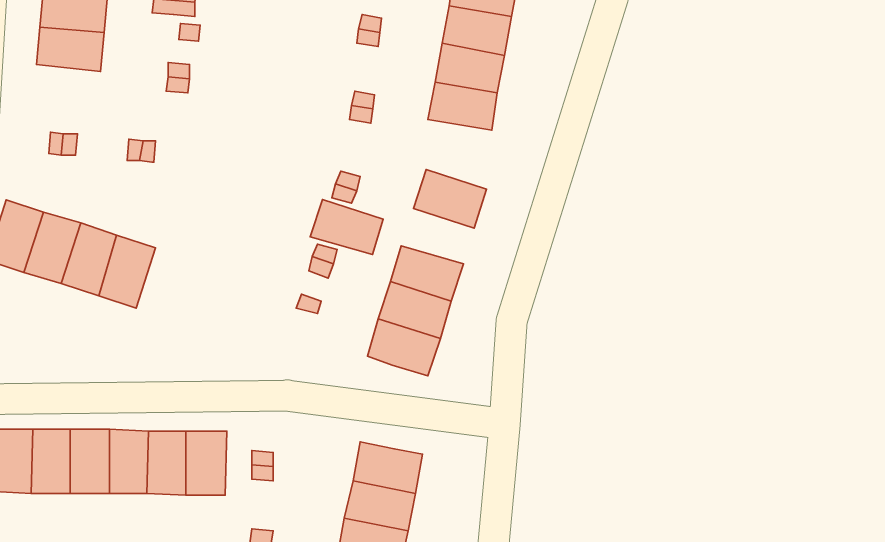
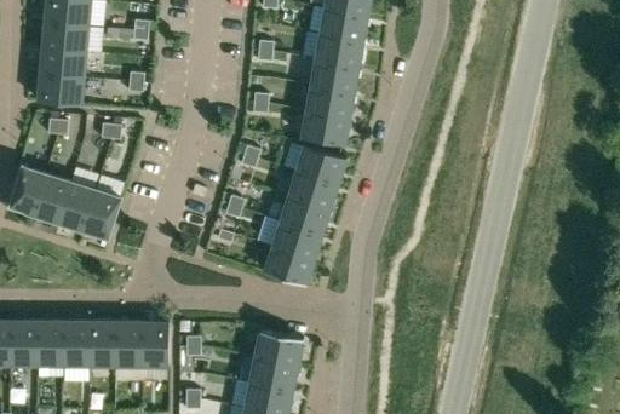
building: none -> [38,74,84,105]
building: none -> [302,111,350,145]
building: [310,199,383,255] -> [288,172,338,209]

